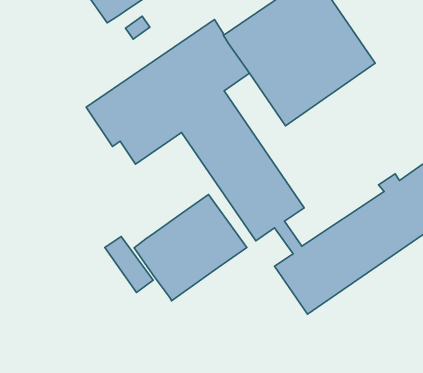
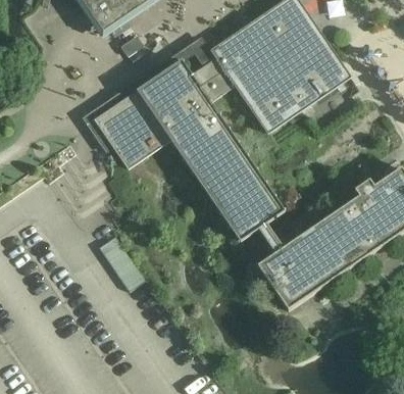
building: [134,194,247,301] -> none

